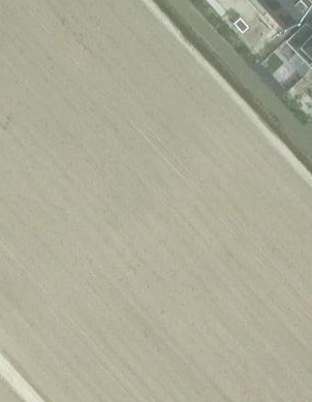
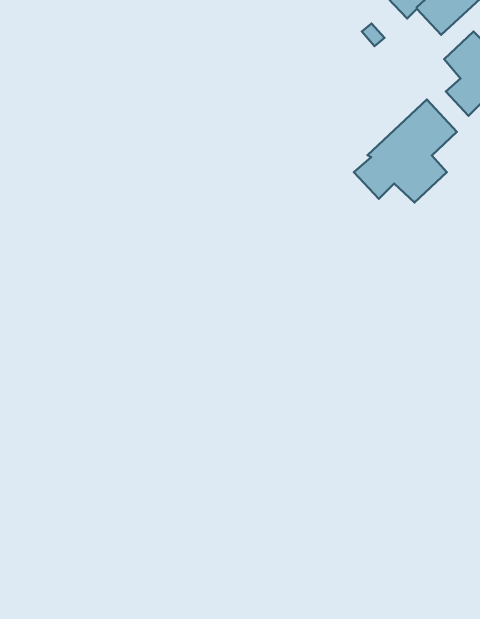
building: none -> [354,100,457,203]

